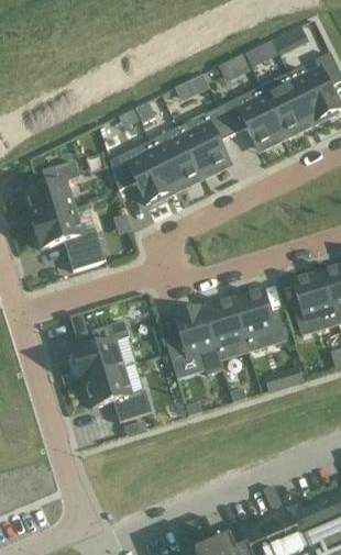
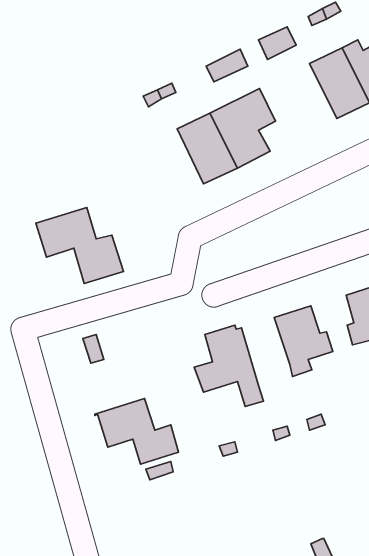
building: [219,88,284,148] -> none
building: [109,143,172,206] -> none
building: [24,163,78,222] -> none
building: [204,301,244,358] -> none
building: [72,323,128,382] -> none

